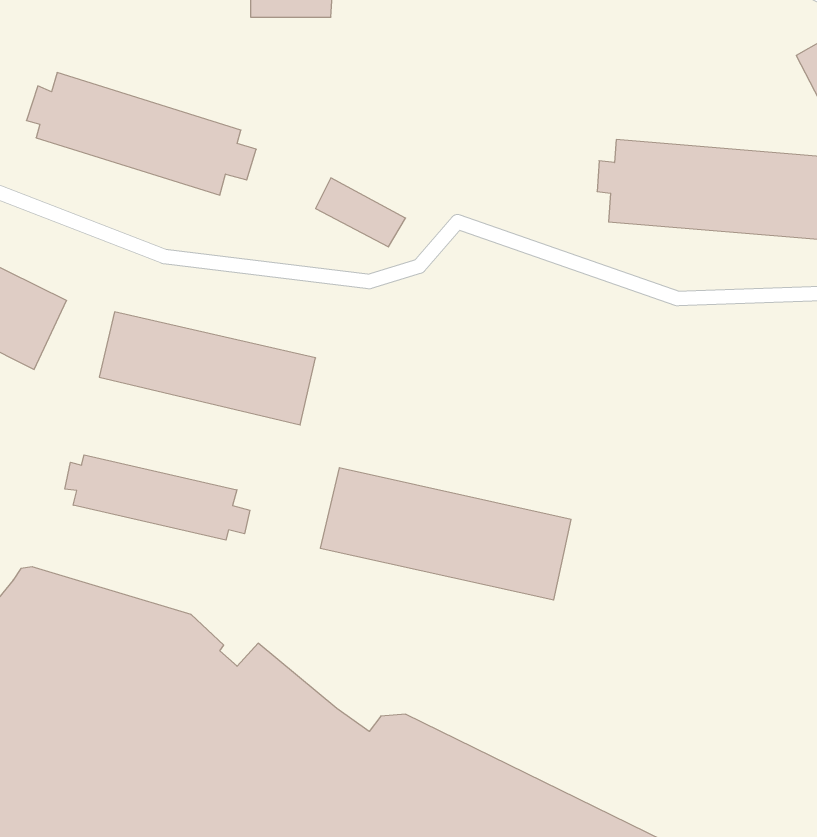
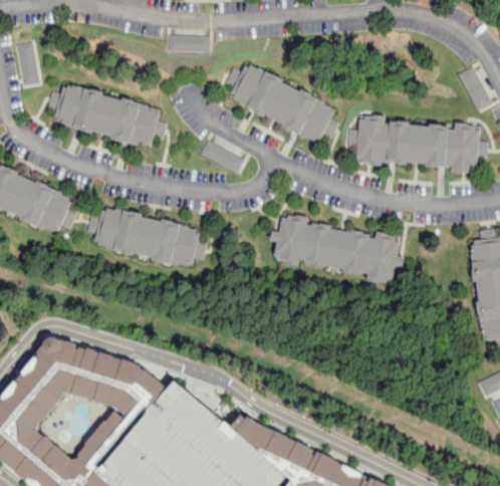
building: none -> [228,63,333,144]
building: [65,455,250,540] -> none
building: [320,468,571,600] -> [269,213,401,282]

